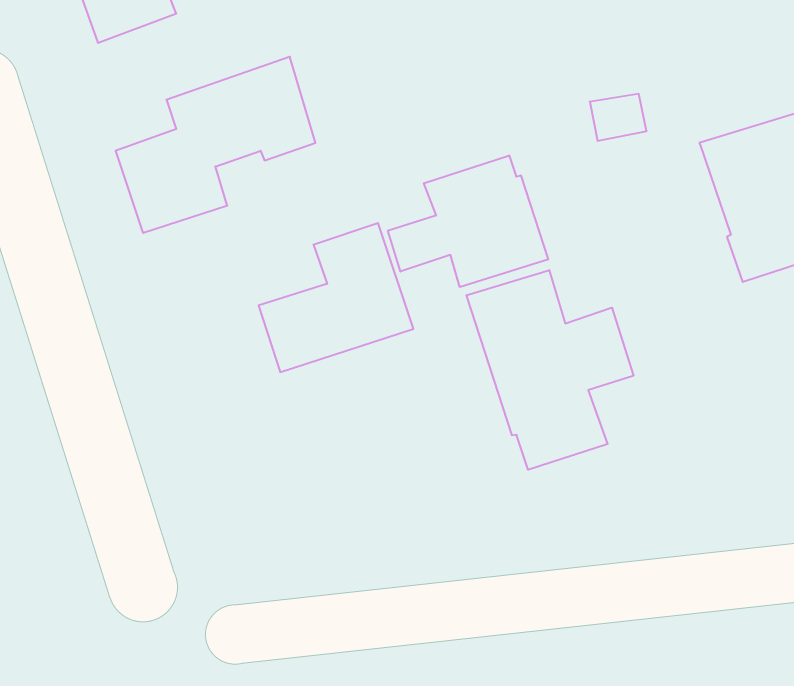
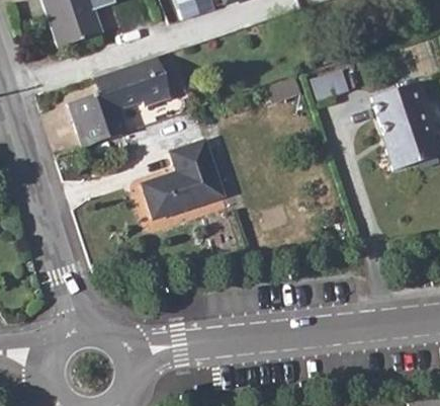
building: [388,155,548,287] -> none
building: [467,270,633,470] -> none

